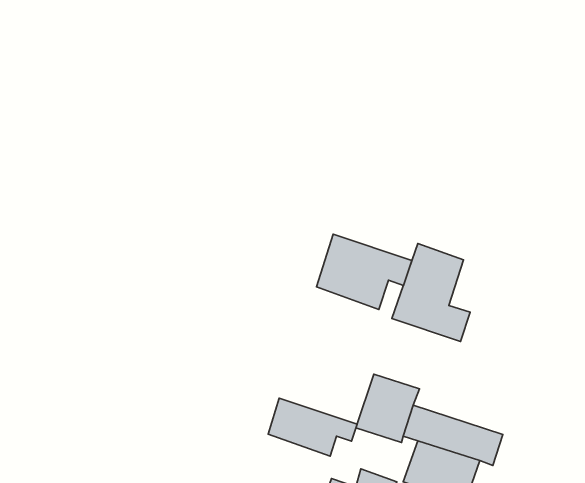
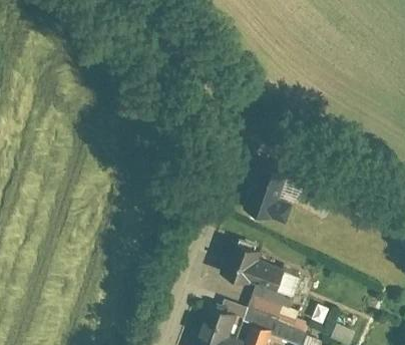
building: [316,234,412,310] -> none
building: [268,398,357,456] -> none

